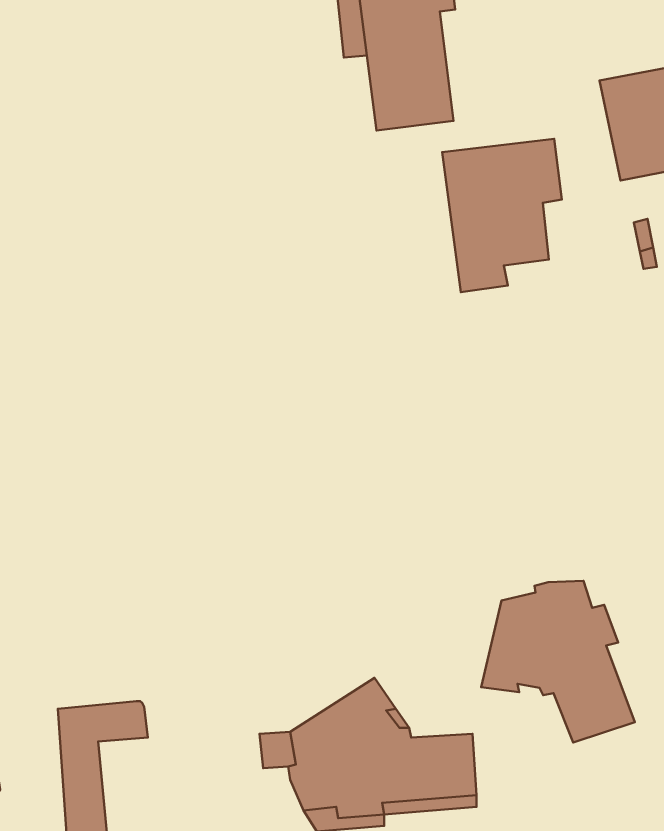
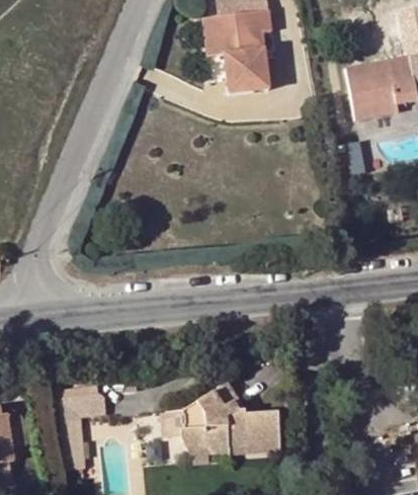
building: [442,139,562,292] -> none
building: [481,581,635,743] -> none

